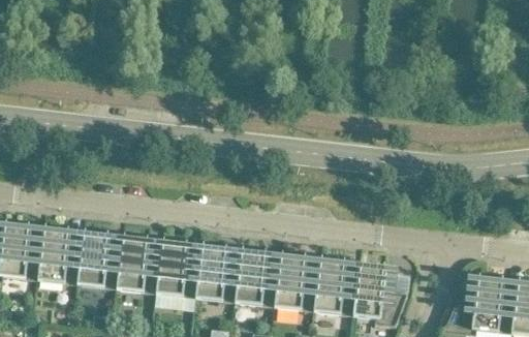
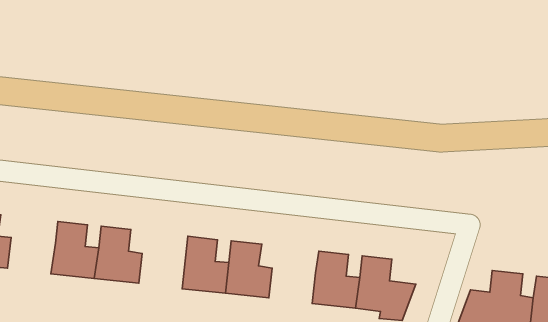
building: [37,232,81,283] -> none
building: [154,245,198,306] -> none
building: [274,258,316,310] -> none

